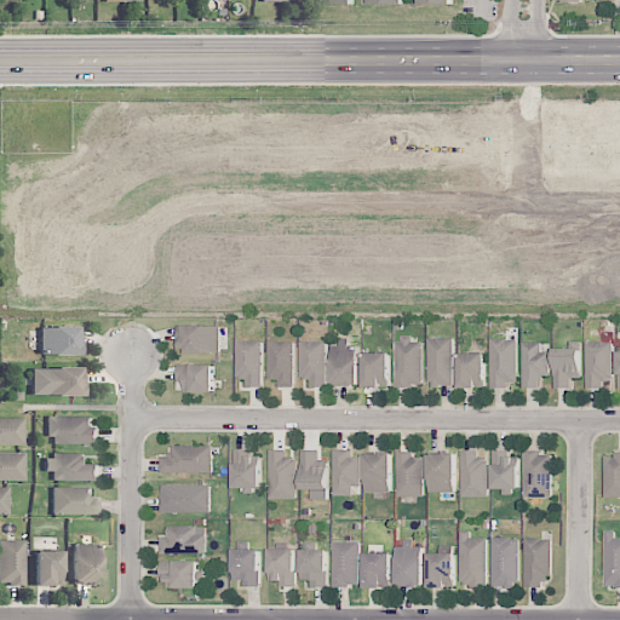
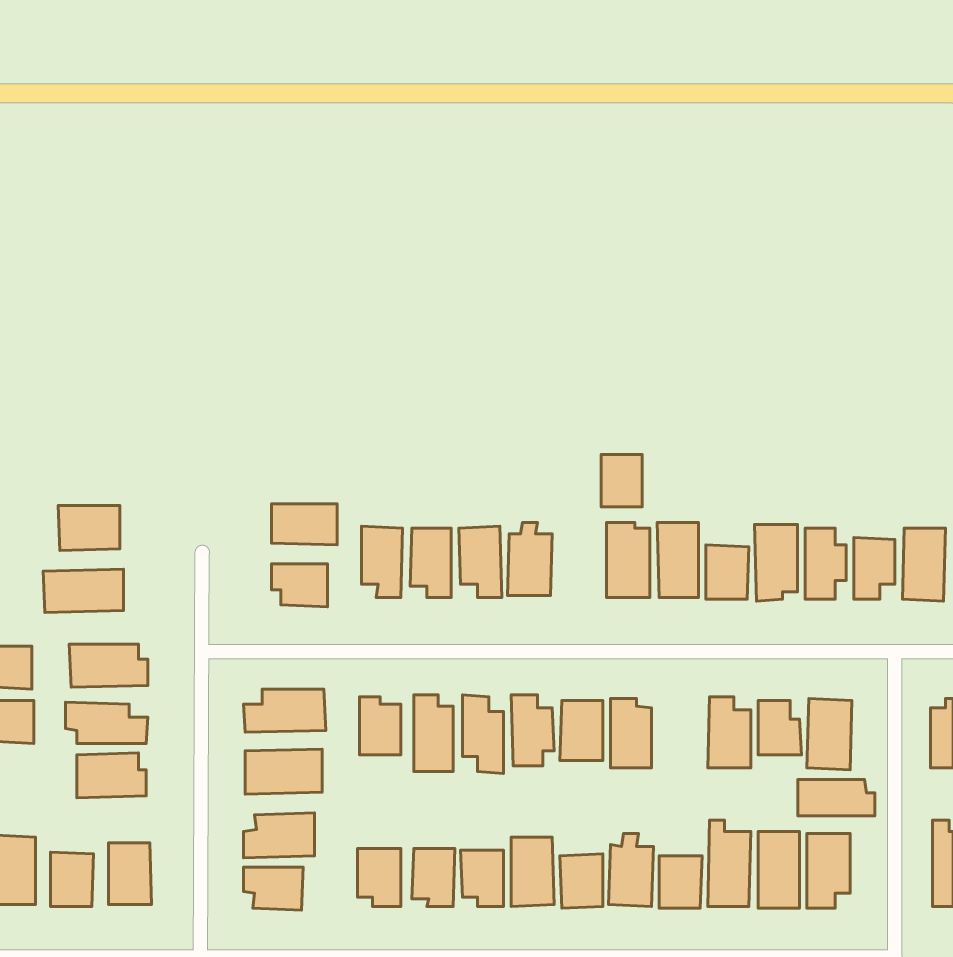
building: [361,352,388,386] -> [601,454,642,507]
building: [426,453,454,493] -> none
building: none -> [798,780,875,816]

